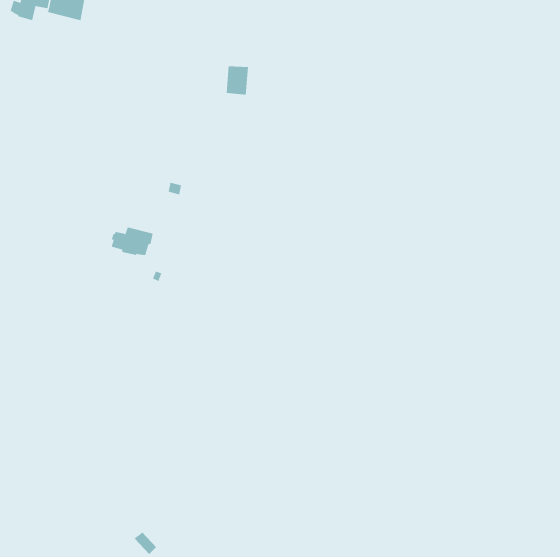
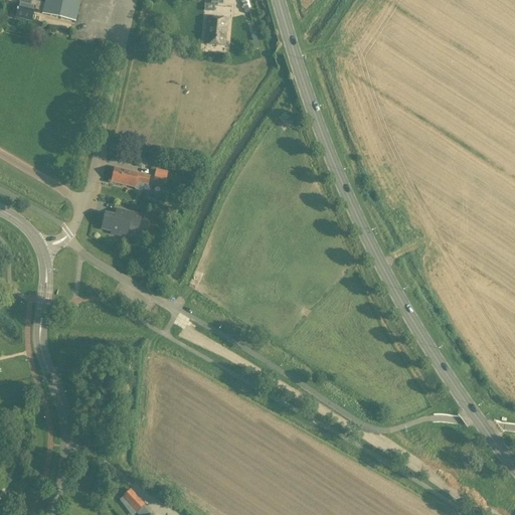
building: [226,66,249,95] -> [205,16,226,43]
building: none -> [111,165,150,188]

